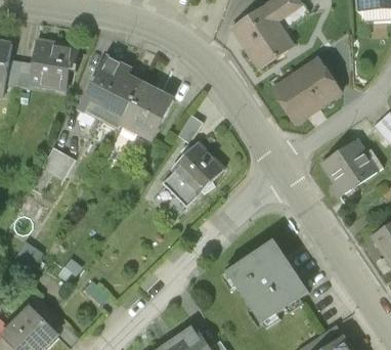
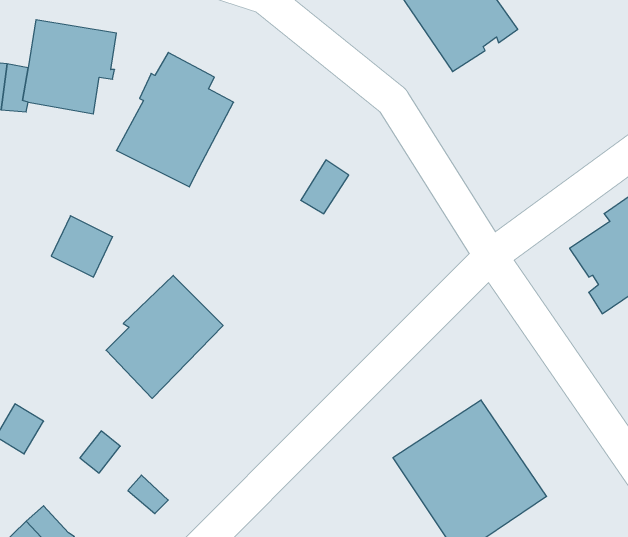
building: [273,58,340,123] -> none
building: [121,84,173,140] -> none
building: [162,142,224,208] -> [106,275,223,398]

